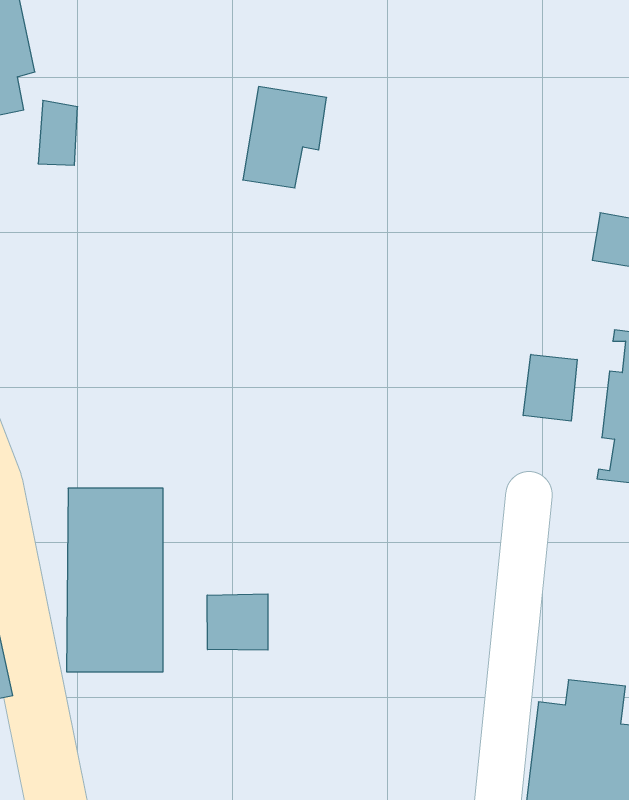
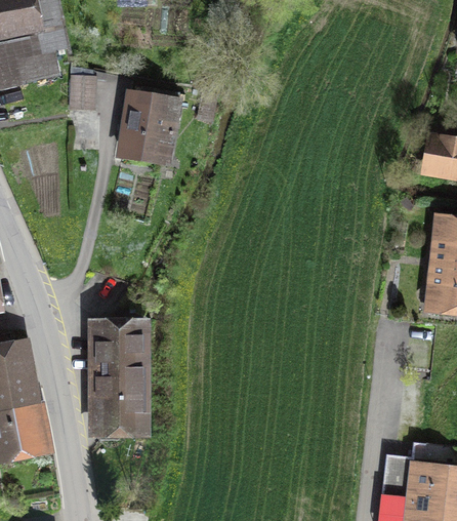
building: [243,87,327,188] -> [124,91,178,157]
building: [523,354,577,421] -> none
building: [207,594,268,650] -> none

